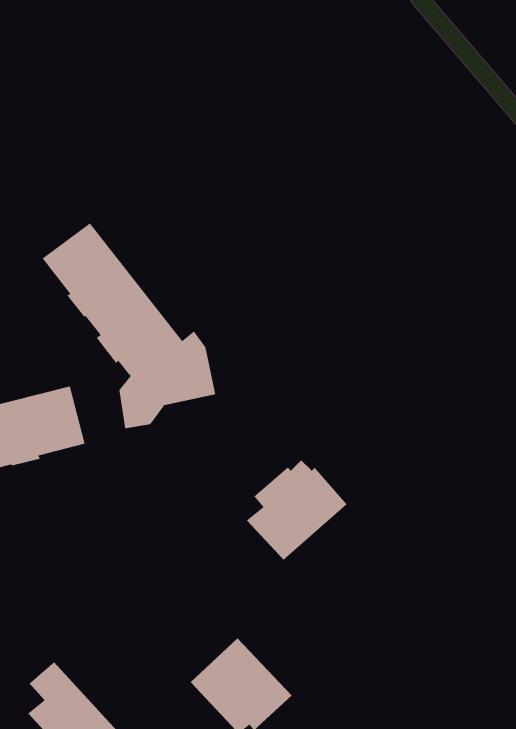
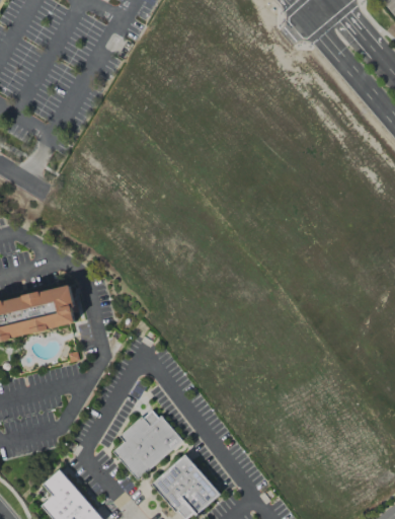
building: [42,223,216,429] -> none
building: [246,459,347,561] -> [112,411,181,479]

